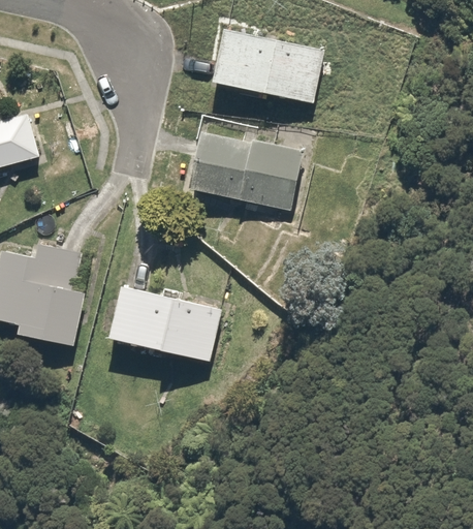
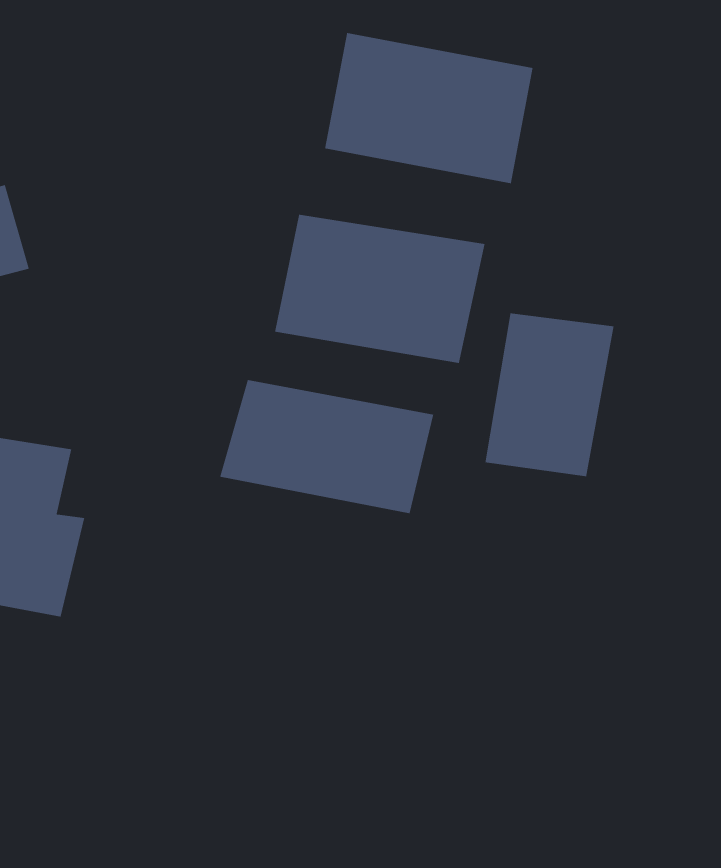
building: none -> [484,313,614,477]
building: [95,289,215,365] -> [219,379,434,514]

